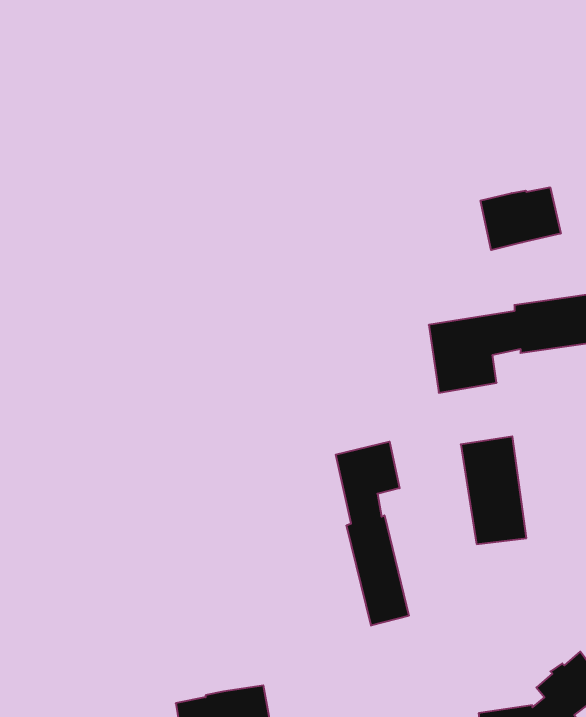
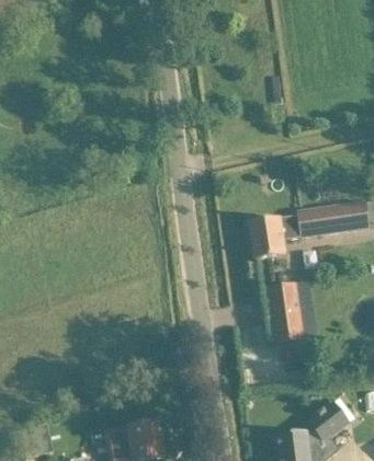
building: [481,187,561,250] -> none
building: [336,442,409,626] -> none

